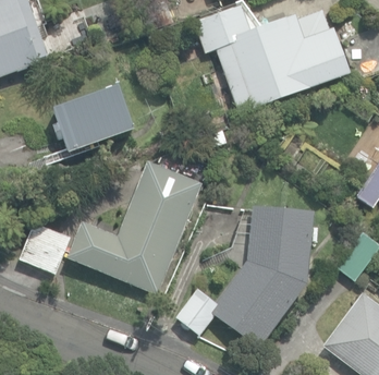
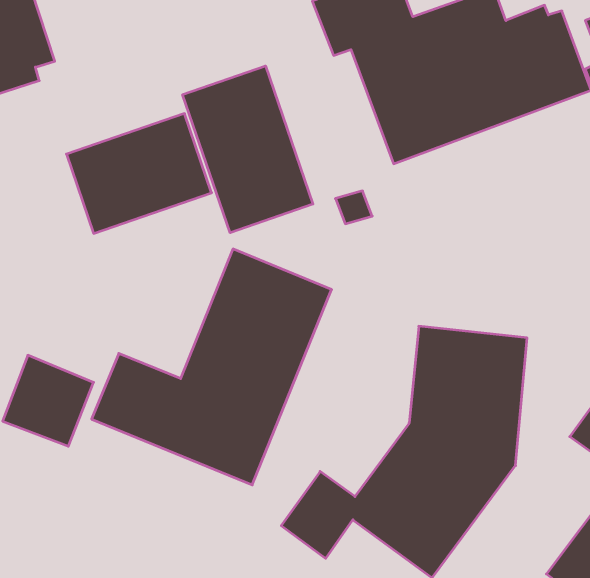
building: none -> [183,66,313,233]

